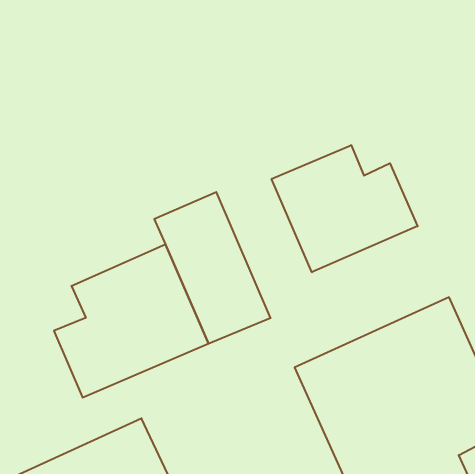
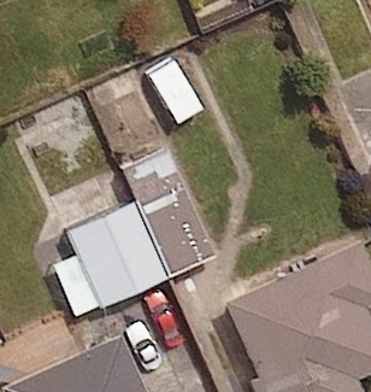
building: [272,145,418,272] -> none

